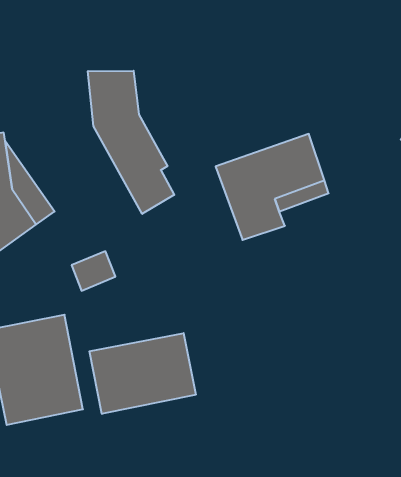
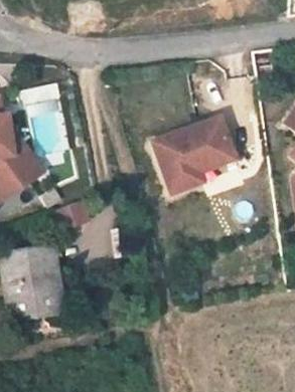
building: [88,71,174,214] -> none
building: [89,333,196,414] -> none

